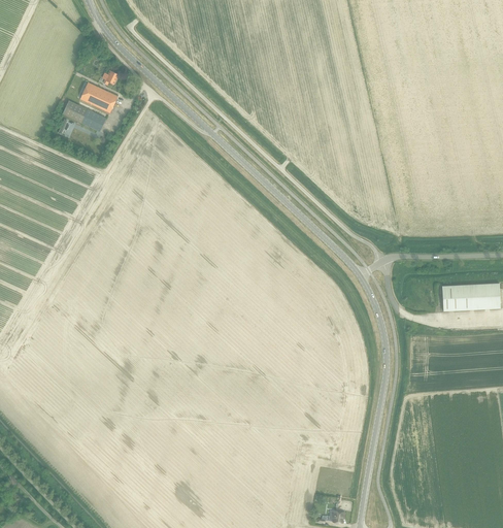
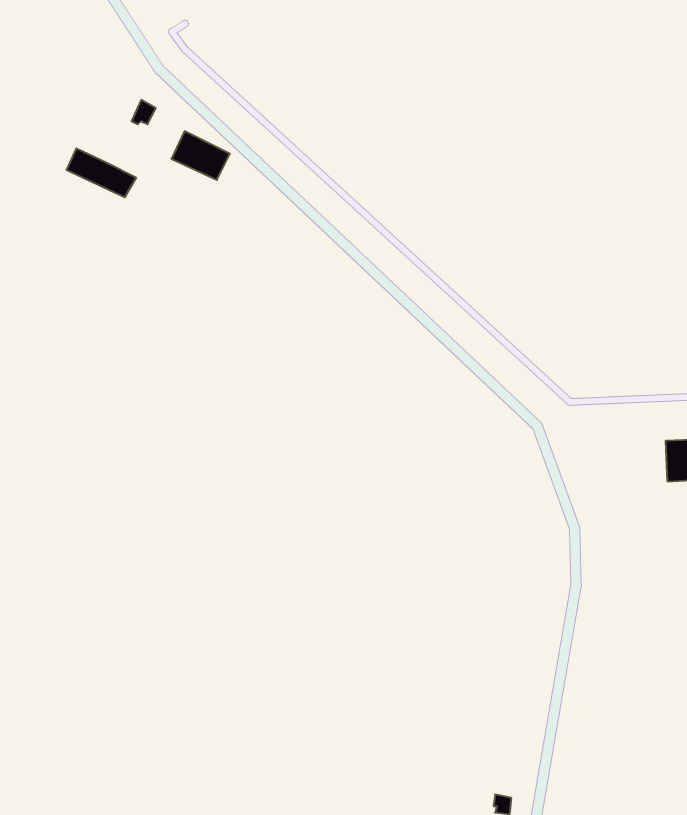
building: [79,81,116,112] -> [171,131,230,180]

